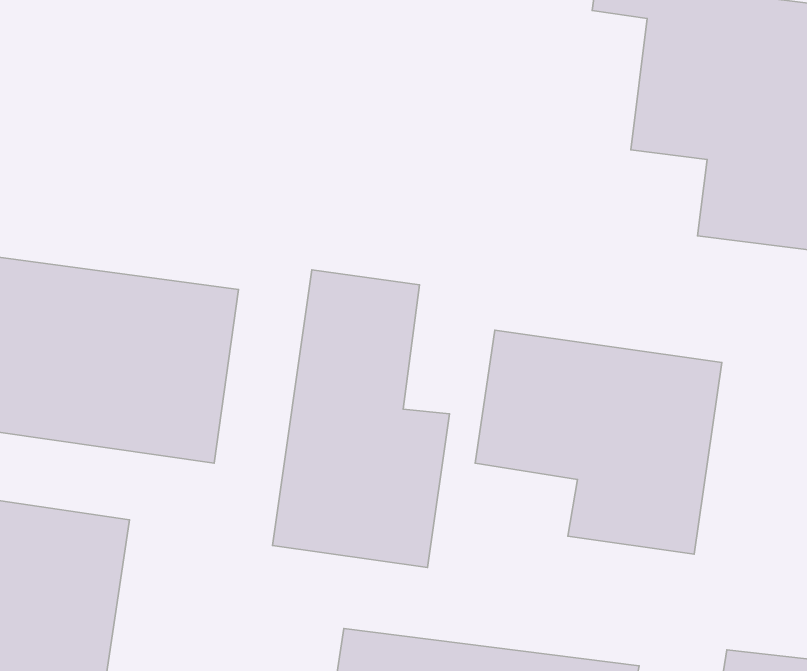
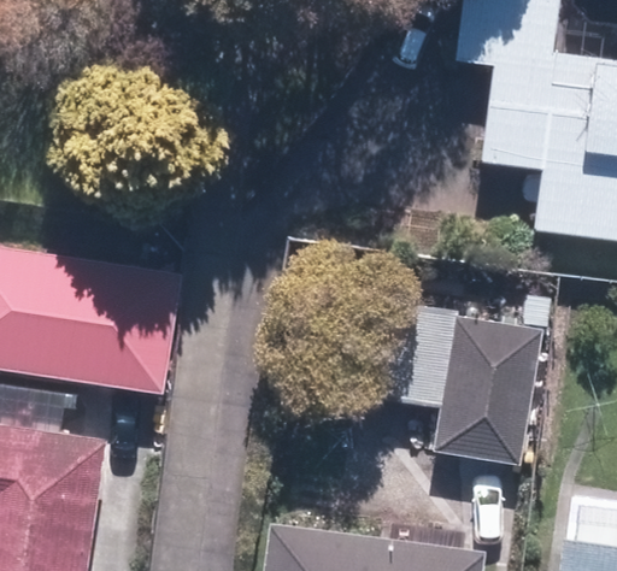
building: [273,270,449,567] -> none

